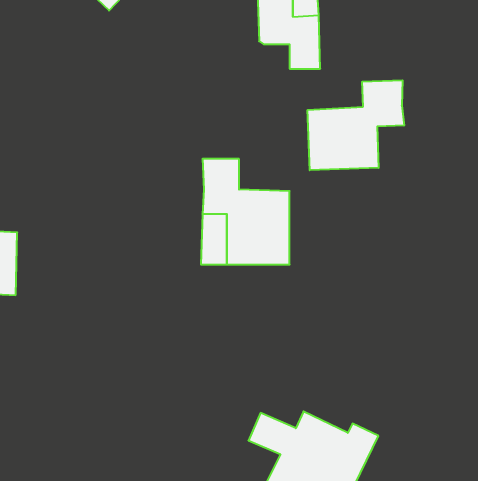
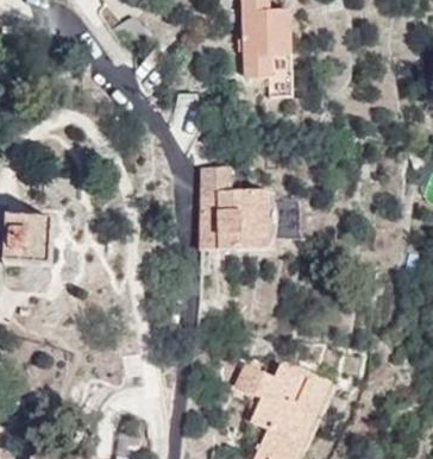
building: [308,80,404,170] -> none

